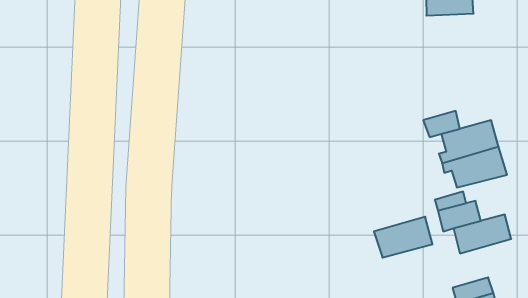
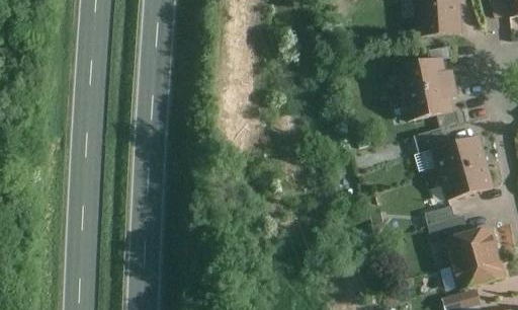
building: none -> [396,56,458,120]
building: [374,217,433,258] -> [449,248,506,288]

